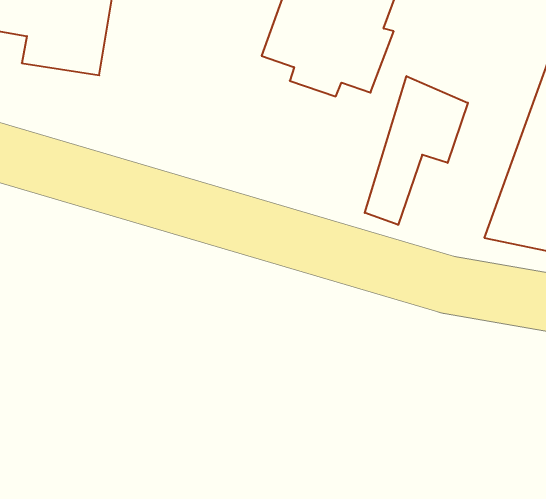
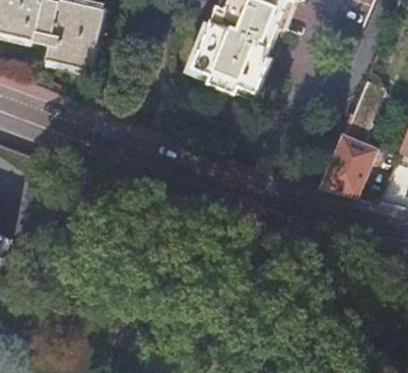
building: [365,76,468,225] -> none

